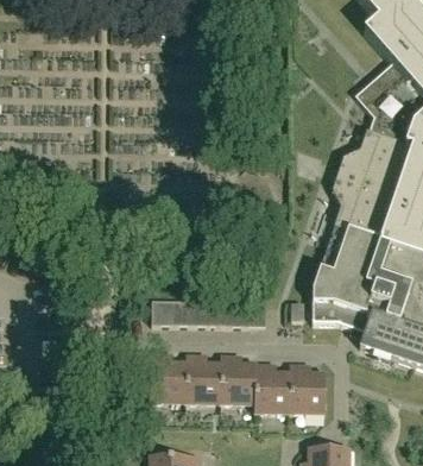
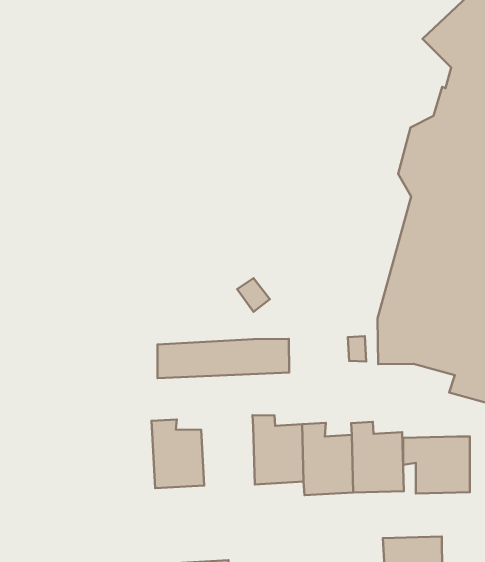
building: [189,352,226,401] -> none
building: none -> [403,436,470,494]

